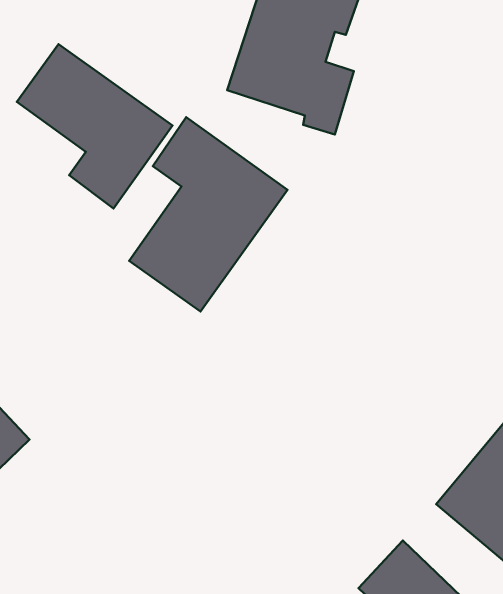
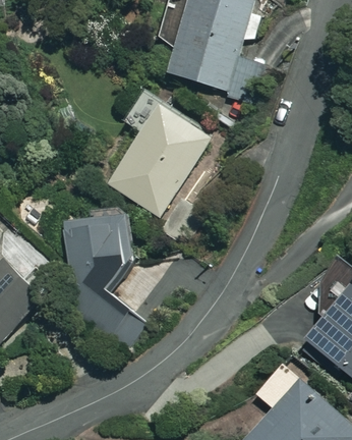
building: [17,44,172,208] -> none
building: none -> [66,219,139,352]

